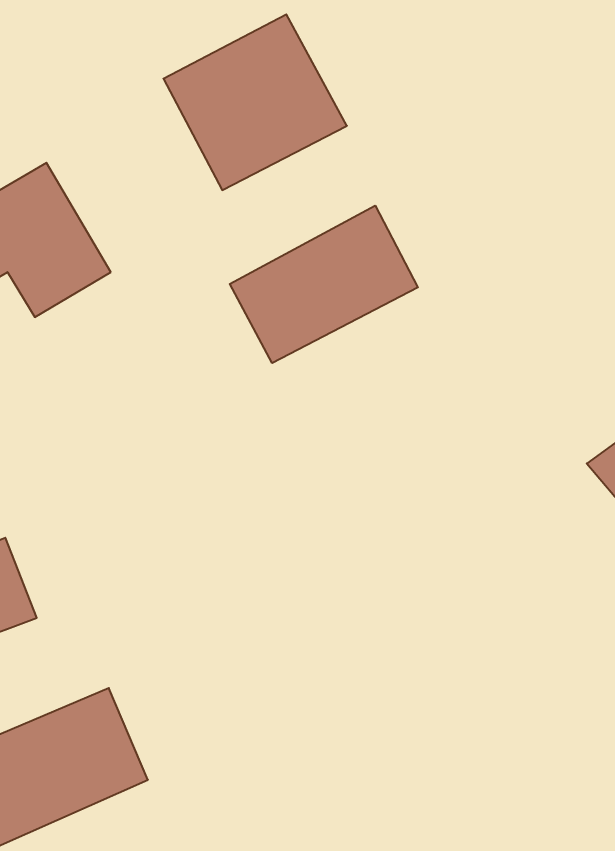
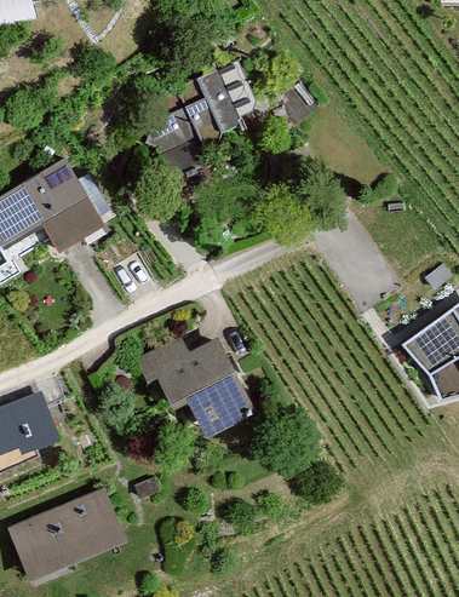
building: [230,206,418,363] -> none
building: none -> [149,334,256,447]

